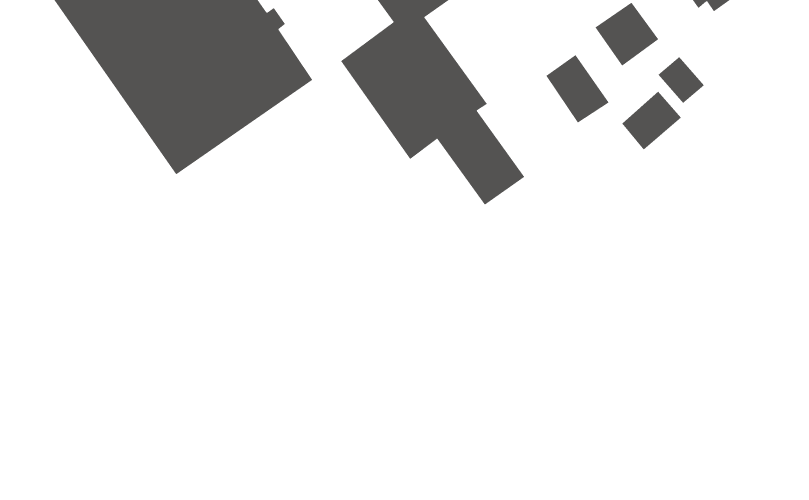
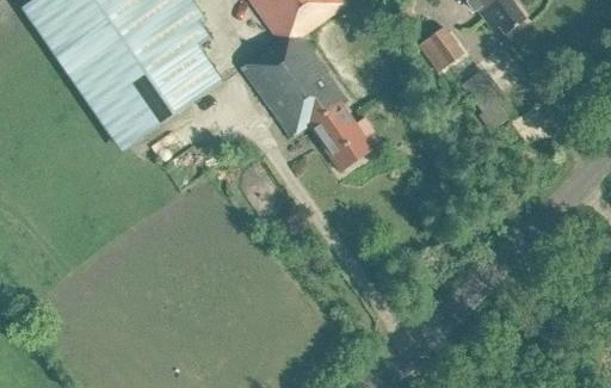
building: [545,54,609,123] -> none
building: [622,91,682,151] -> none

